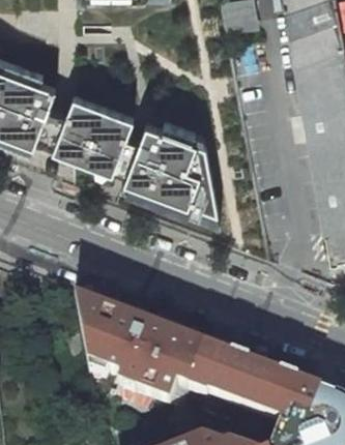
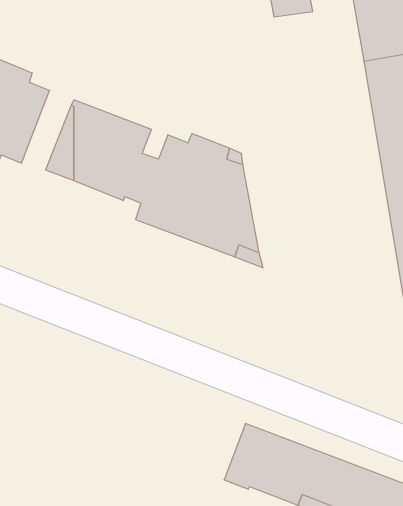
building: [75,296,205,403] -> none

